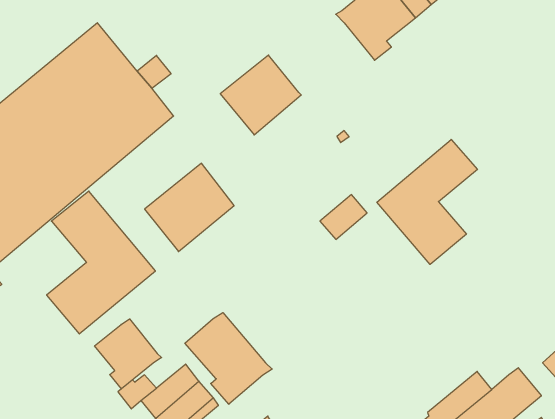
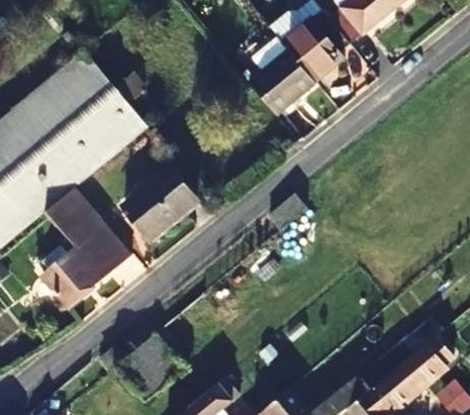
building: [220,55,301,135] -> [249,49,316,116]
building: [377,139,477,264] -> none
building: [185,313,272,404] -> none
building: [95,319,162,389] -> none

